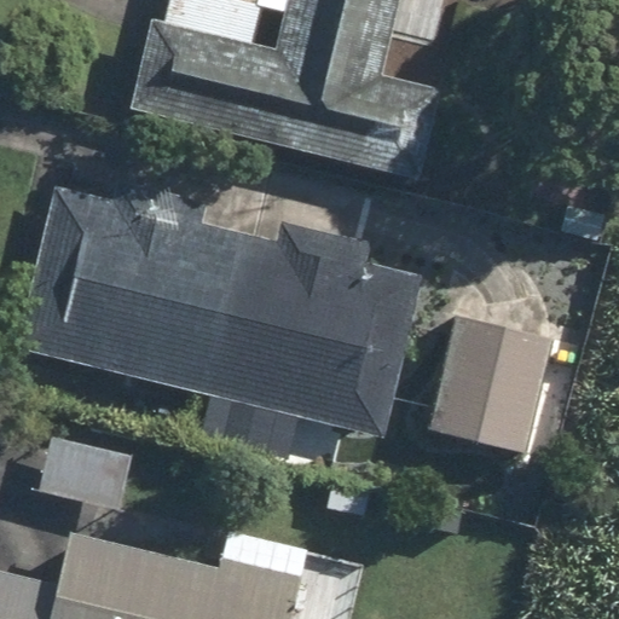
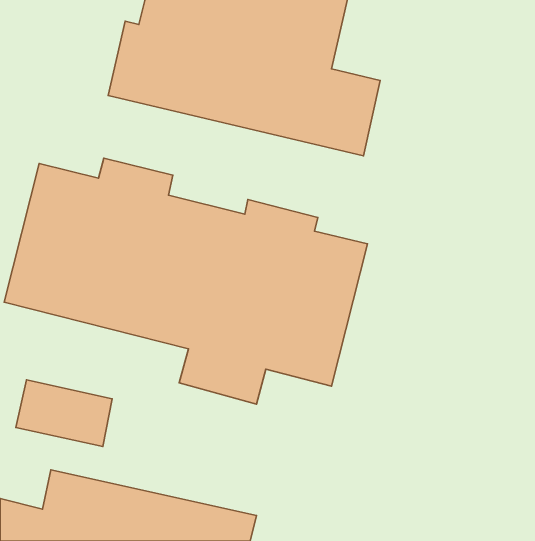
building: [429,317,553,453] -> none

